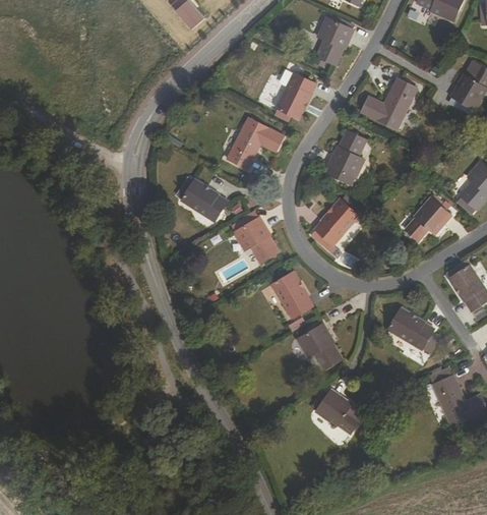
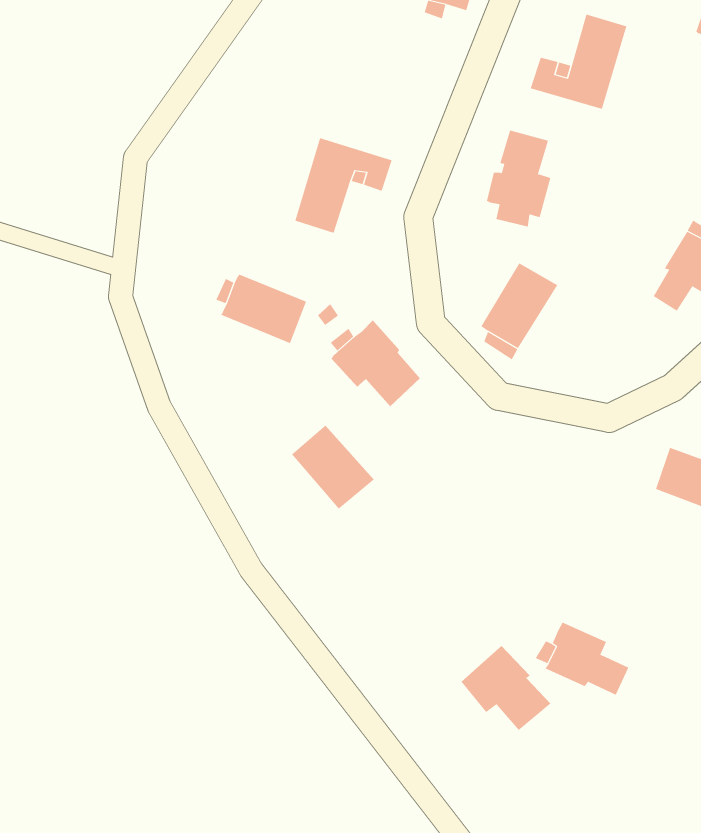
building: [278,73,316,119] -> none
building: [272,274,313,319] -> [291,425,375,509]
building: [298,324,343,369] -> [461,645,551,731]

